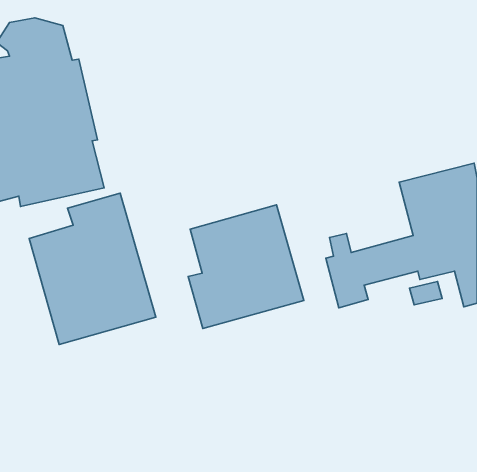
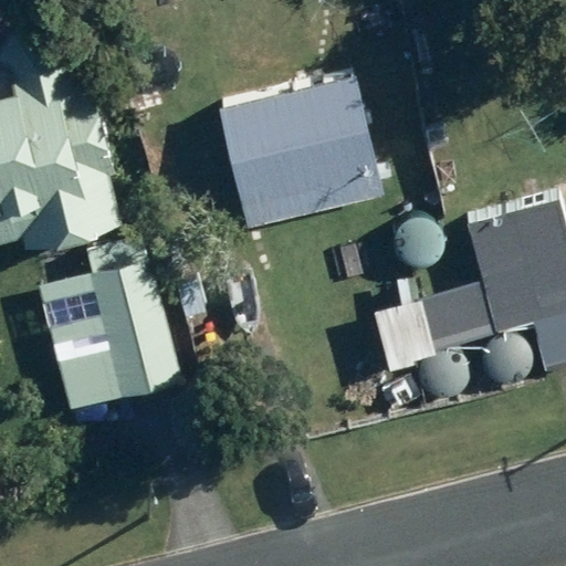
building: none -> [218,74,381,229]
building: [188,205,304,328] -> none

